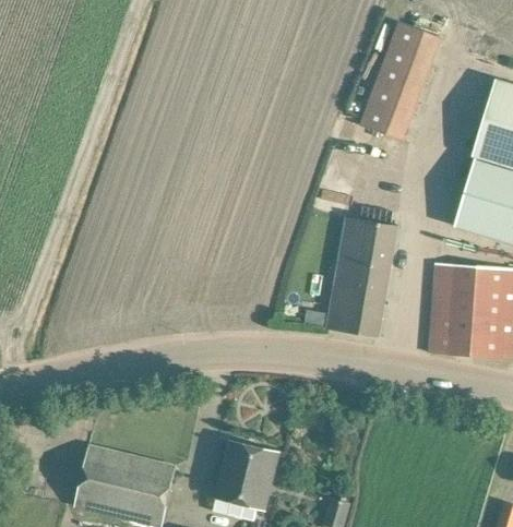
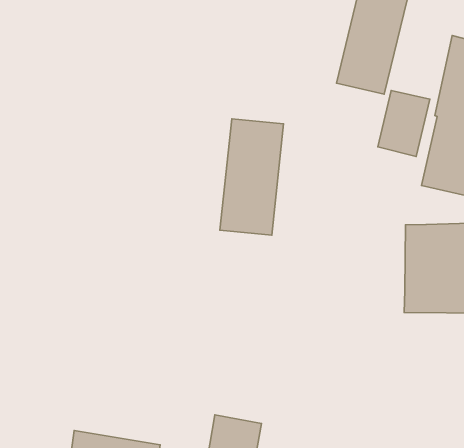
building: none -> [378,91,430,157]
building: [326,218,397,337] -> [220,119,283,235]

